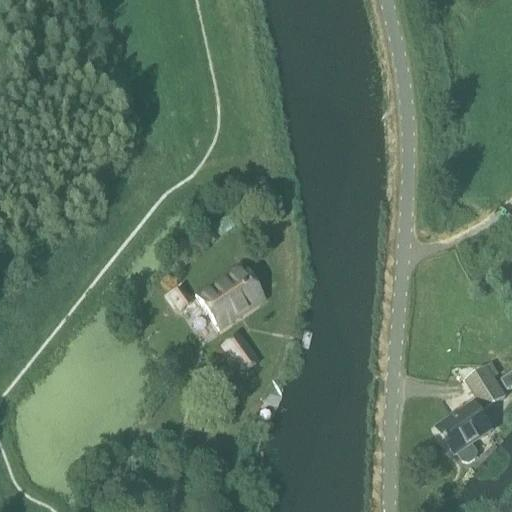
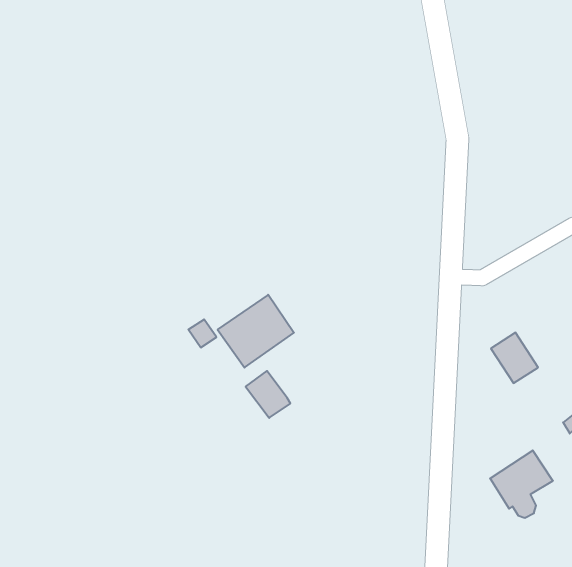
building: [465,365,507,410] -> [491,333,538,383]

